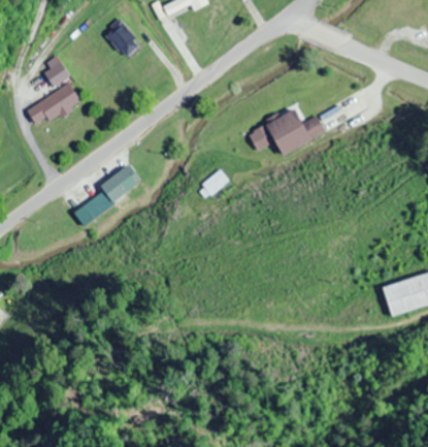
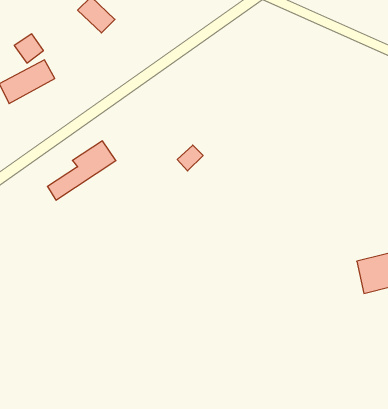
building: [249,109,326,157] -> none

